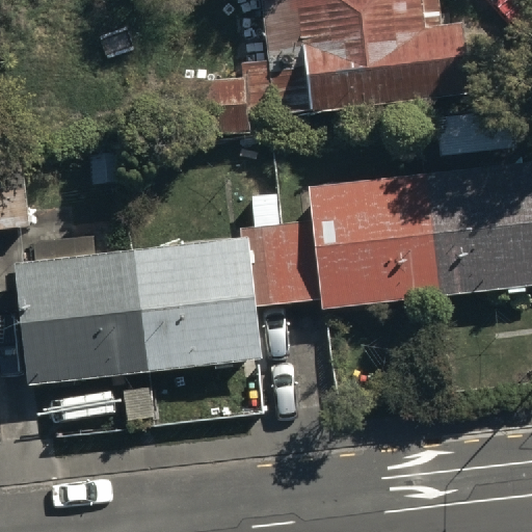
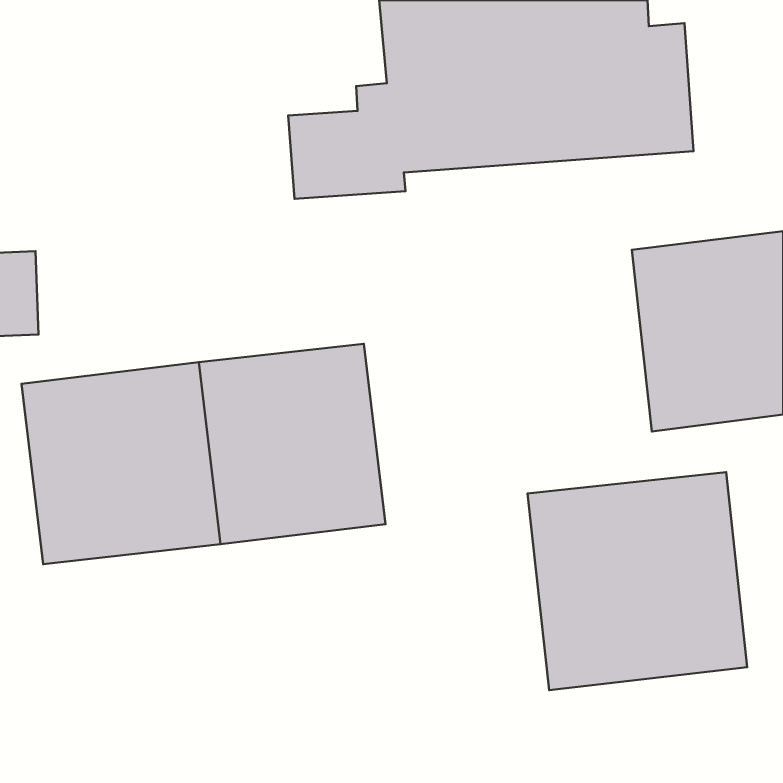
building: [309,171,440,308] -> none
building: none -> [528,472,747,690]

